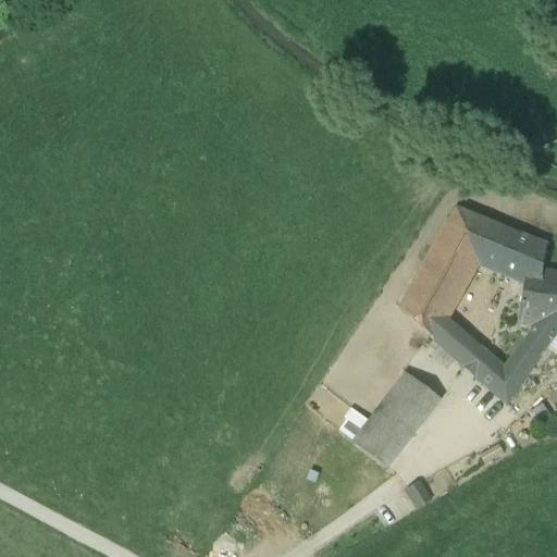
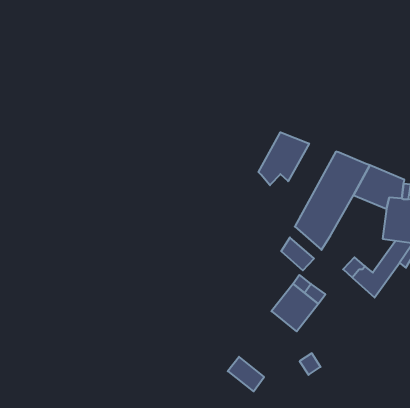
building: none -> [258,132,309,185]
building: [436,319,481,363] -> [281,237,314,270]
building: [354,420,403,467] -> [228,357,264,391]

